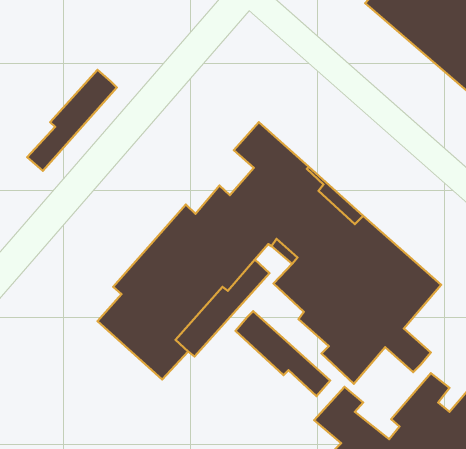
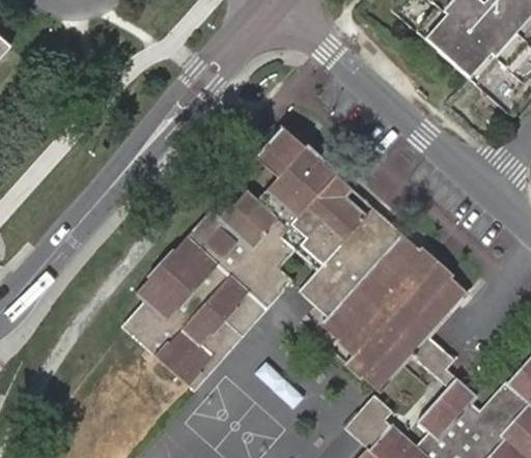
building: [27,70,117,171] -> none
building: [235,311,330,396] -> none

